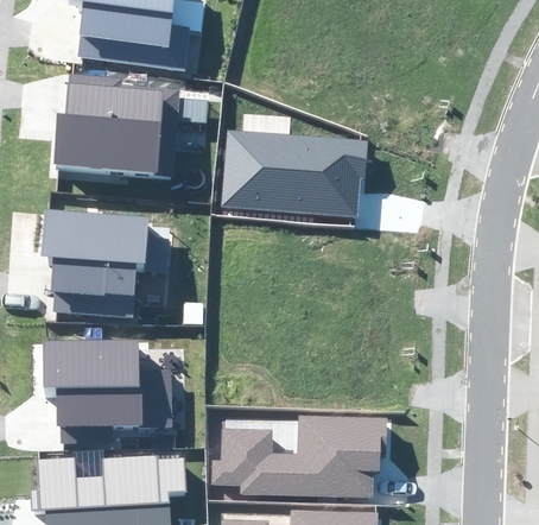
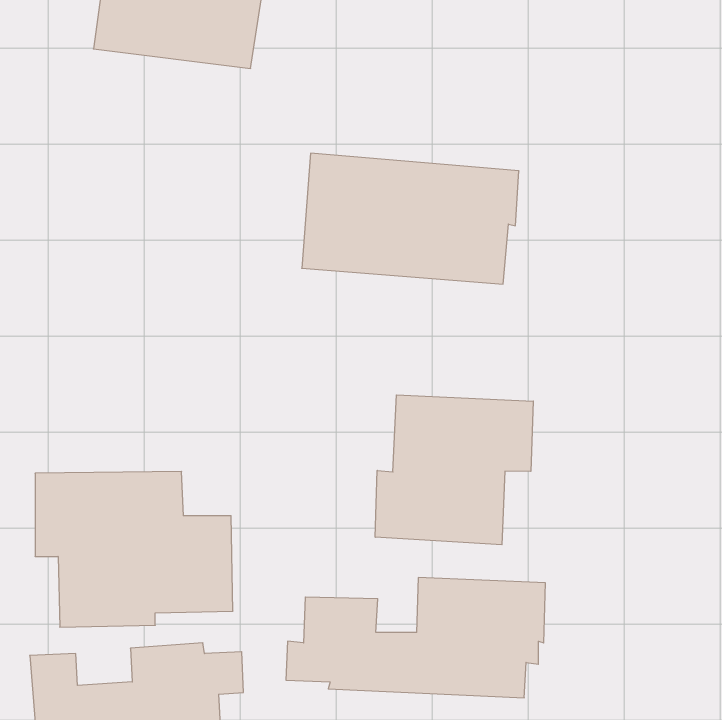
building: [55,76,184,177] -> none
building: [47,215,153,321] -> none
building: none -> [375,395,533,545]

